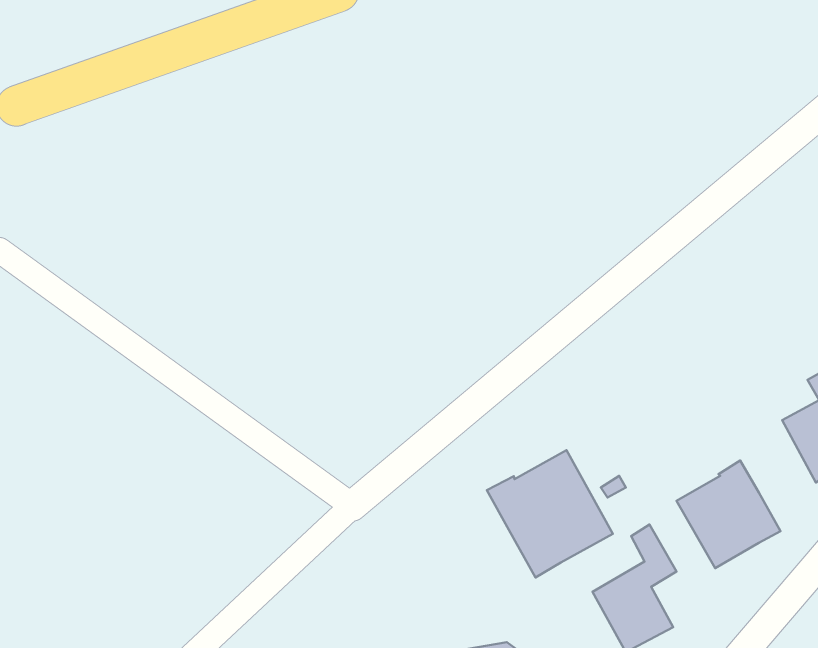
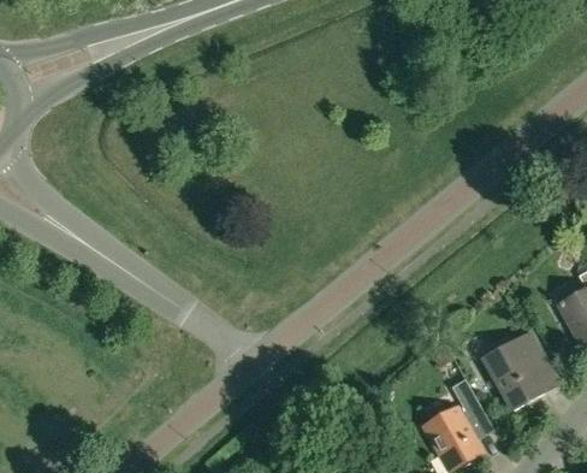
building: [487,450,613,578] -> none

